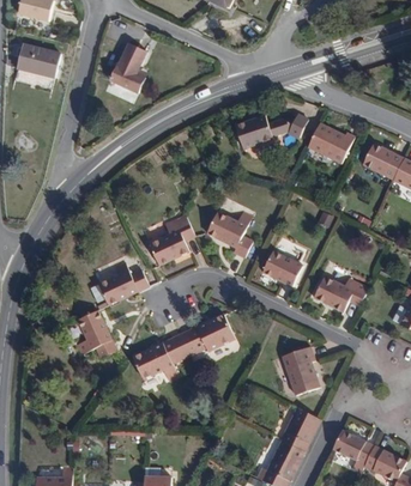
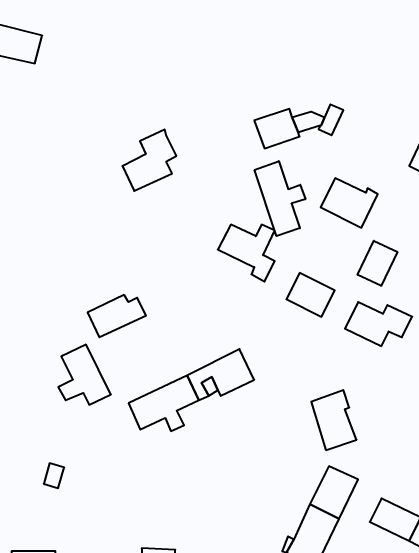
building: [109,40,145,89] -> none
building: [308,123,355,164] -> [321,178,378,228]
building: none -> [255,161,305,236]
building: [150,213,194,263] -> [122,129,176,191]
building: none -> [358,241,397,286]

